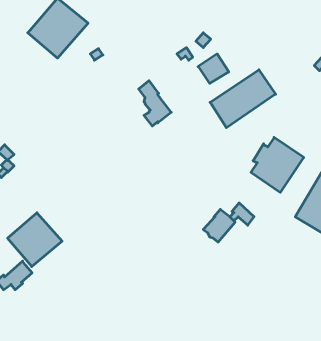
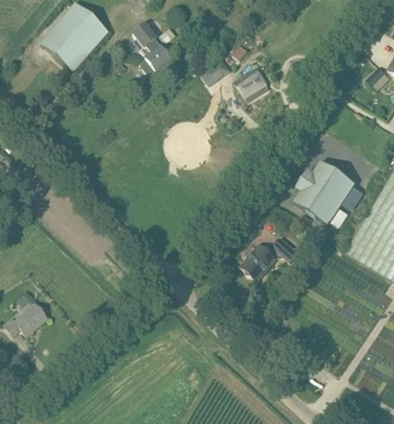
building: [210,70,276,128] -> none
building: [139,81,171,126] -> [134,23,171,75]
building: [8,213,62,267] -> none

